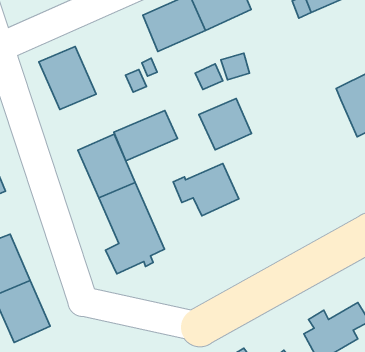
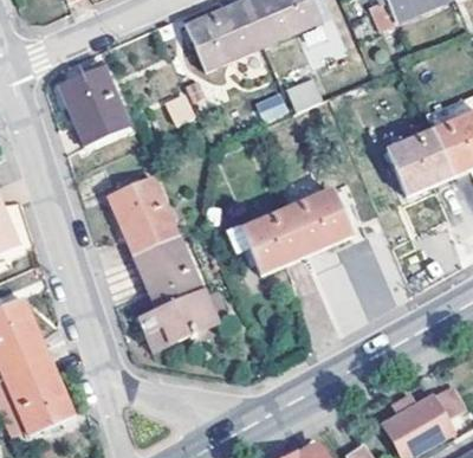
building: [199,98,251,150] -> [287,191,352,254]
building: none -> [389,131,454,196]
building: [114,110,178,161] -> none

